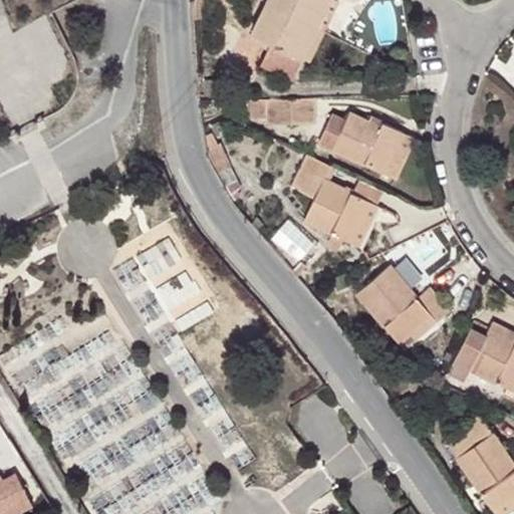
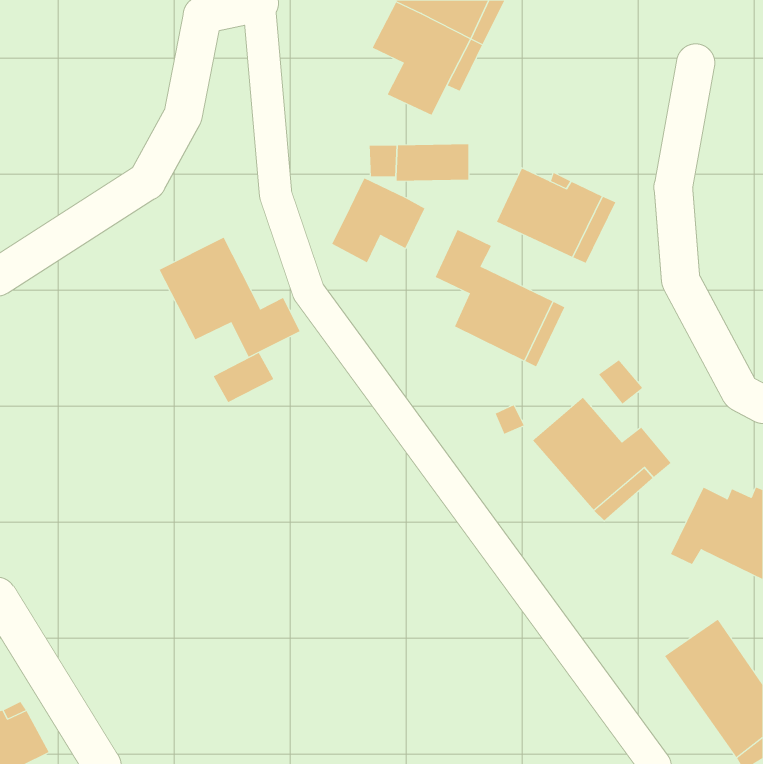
building: none -> [332,178,425,263]
building: none -> [159,237,301,357]

